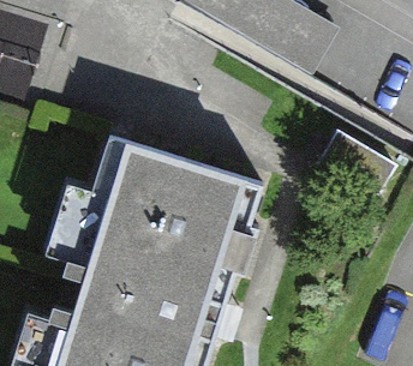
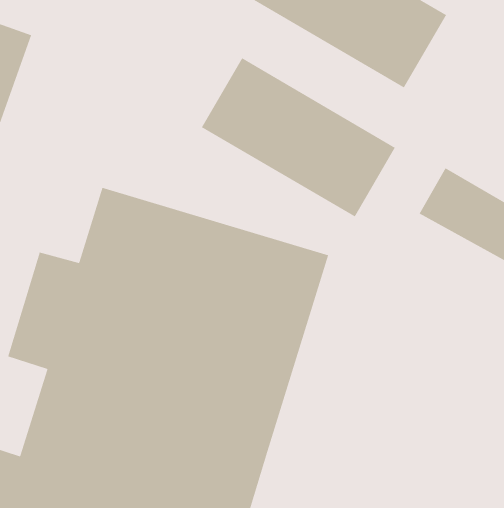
building: none -> [201,57,396,218]

